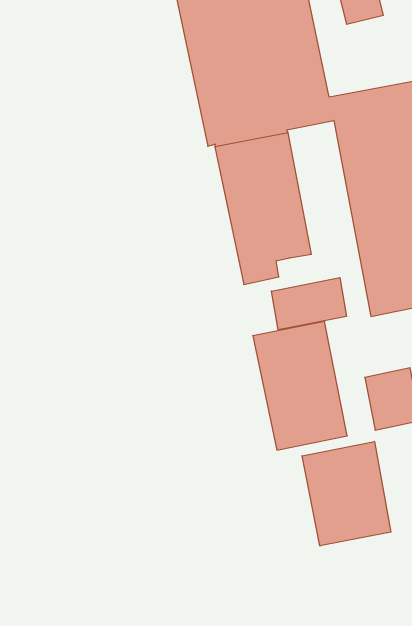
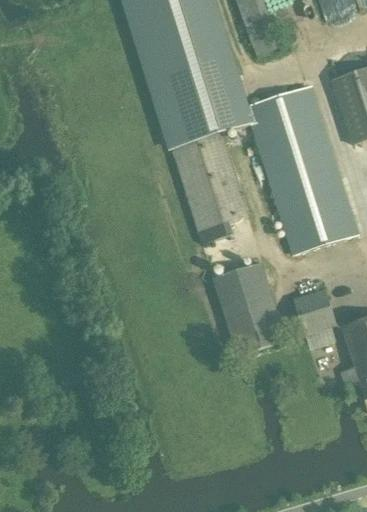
building: [271,278,346,330] -> none
building: [302,441,391,546] -> none

